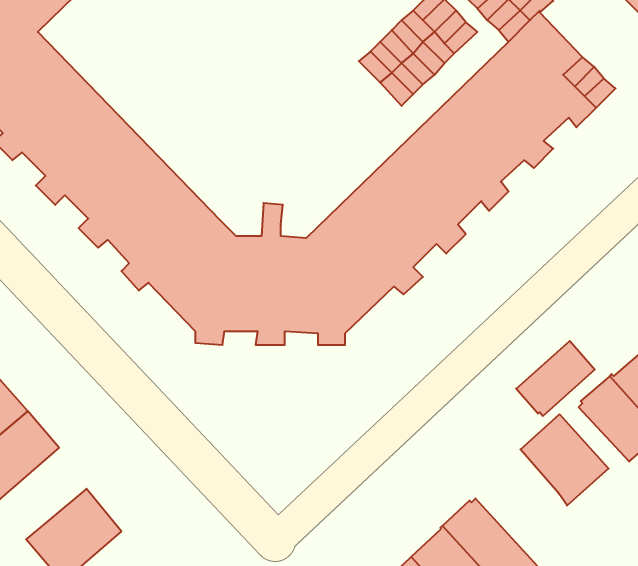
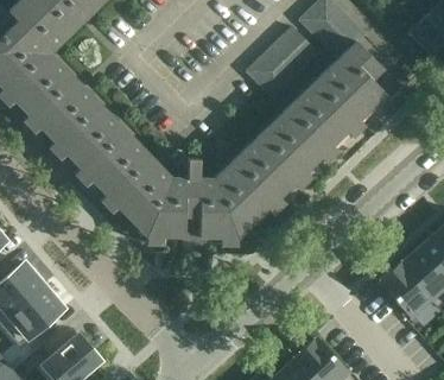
building: [516,341,595,416] -> none
building: [520,414,609,506] -> none

